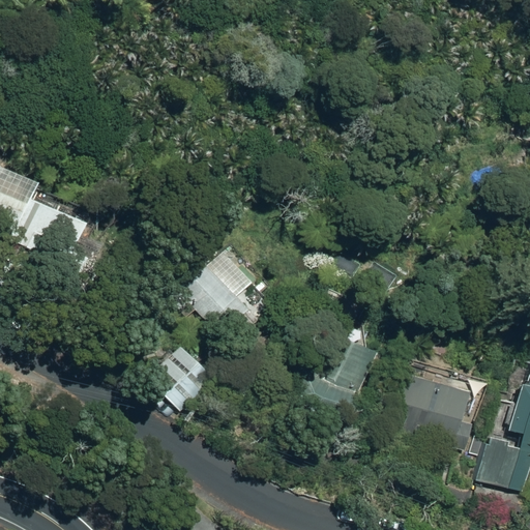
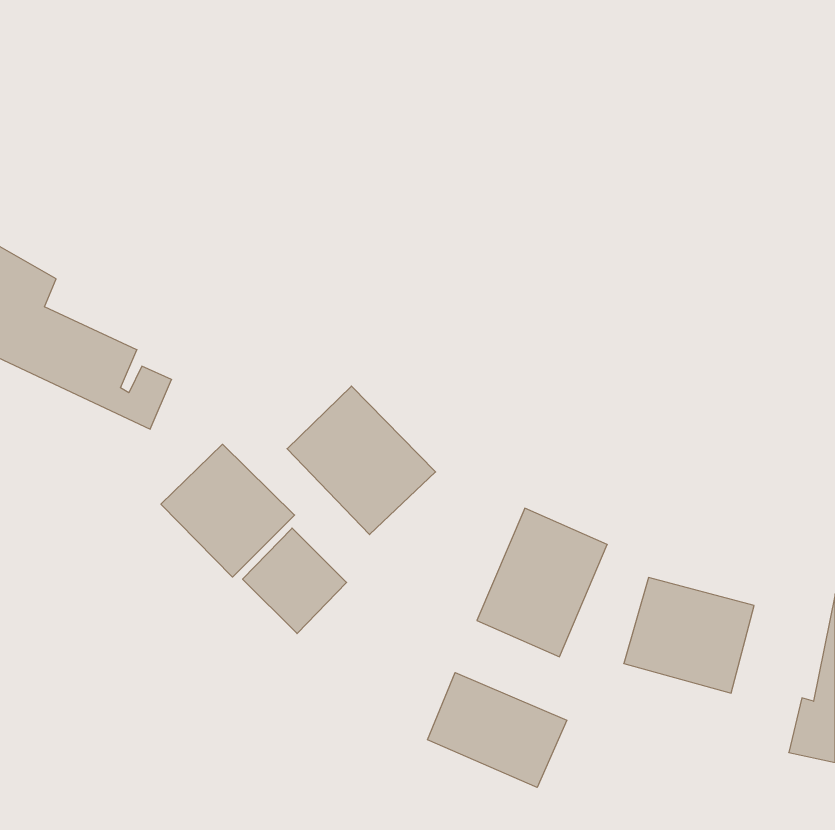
building: none -> [161,444,295,577]
building: none -> [428,673,567,787]

